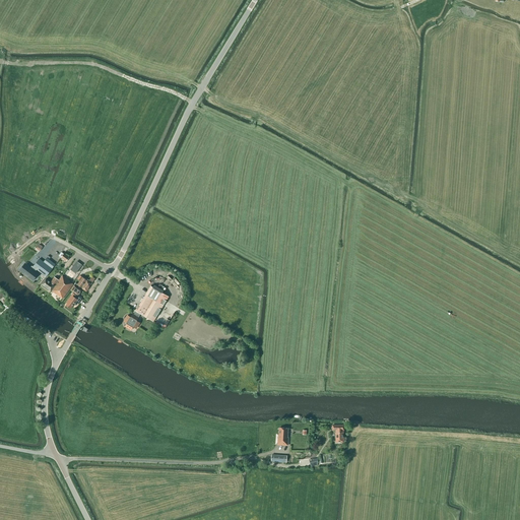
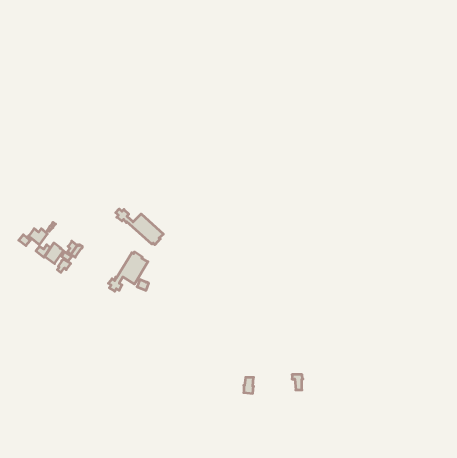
building: none -> [116,209,163,245]

